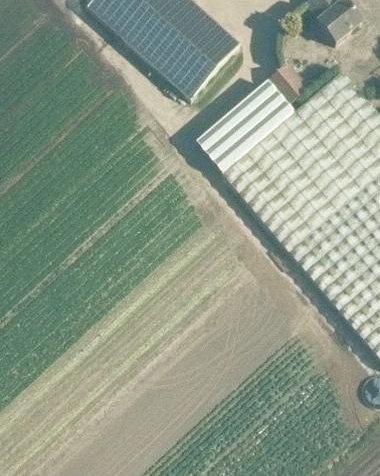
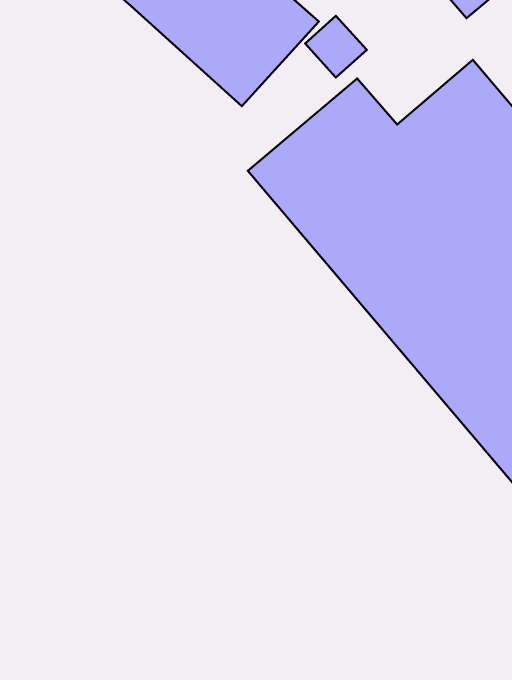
building: [268,62,308,102] -> [305,16,367,78]

